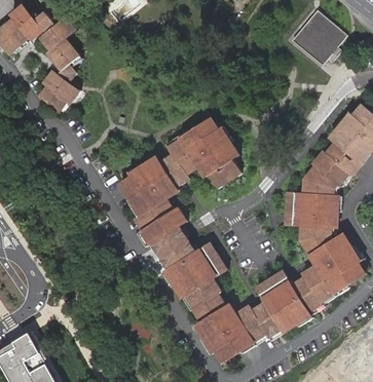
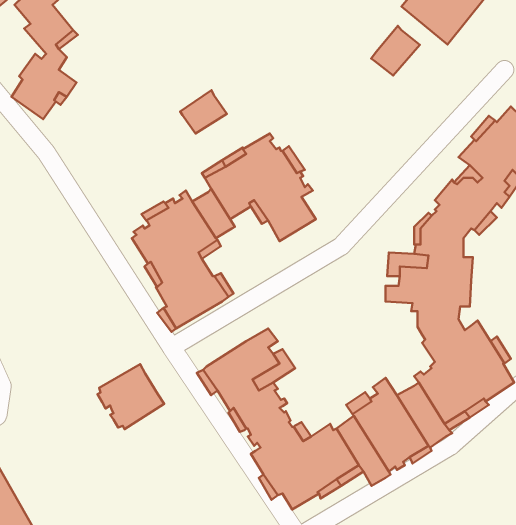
building: none -> [371,26,420,76]
building: none -> [180,90,227,134]
building: [149,228,192,270] -> [97,364,164,429]

